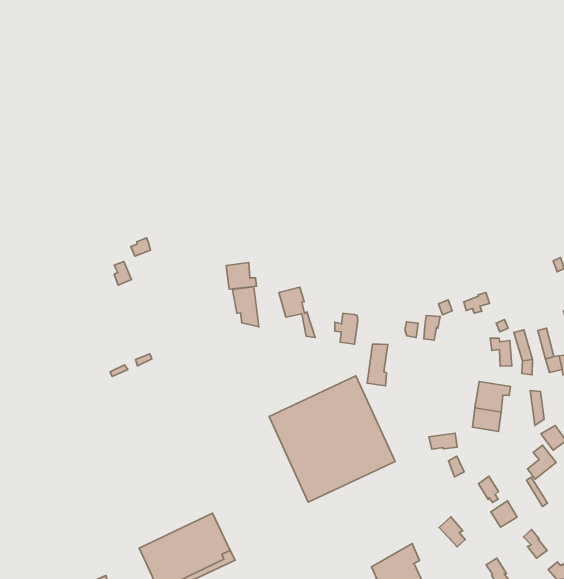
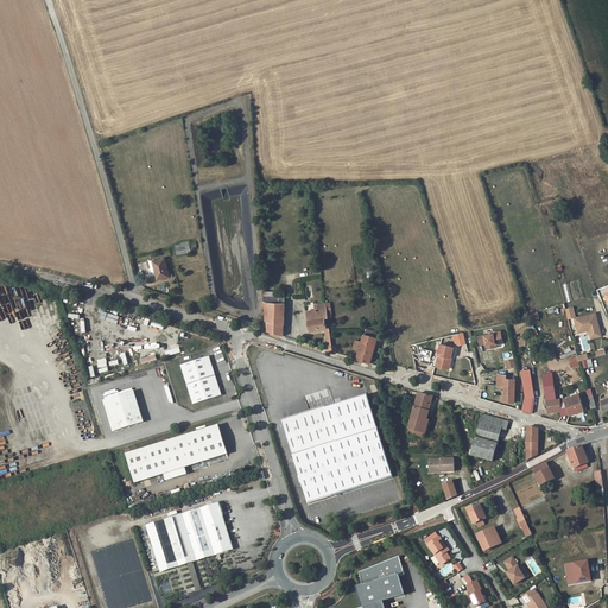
building: [226,263,256,289] -> none
building: [367,344,388,386] -> [408,392,432,432]
building: none -> [180,355,221,404]
building: none -> [104,391,142,431]
building: none -> [125,423,228,482]

